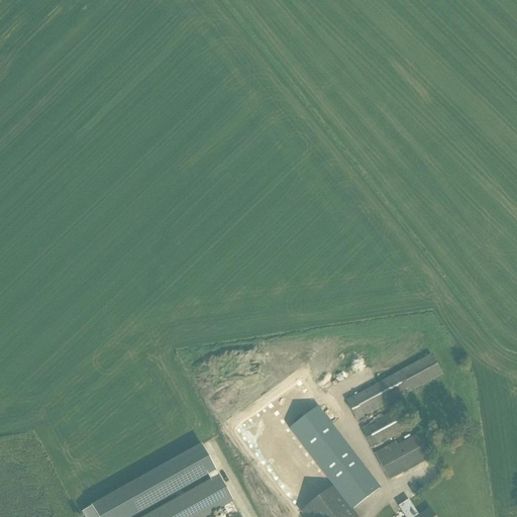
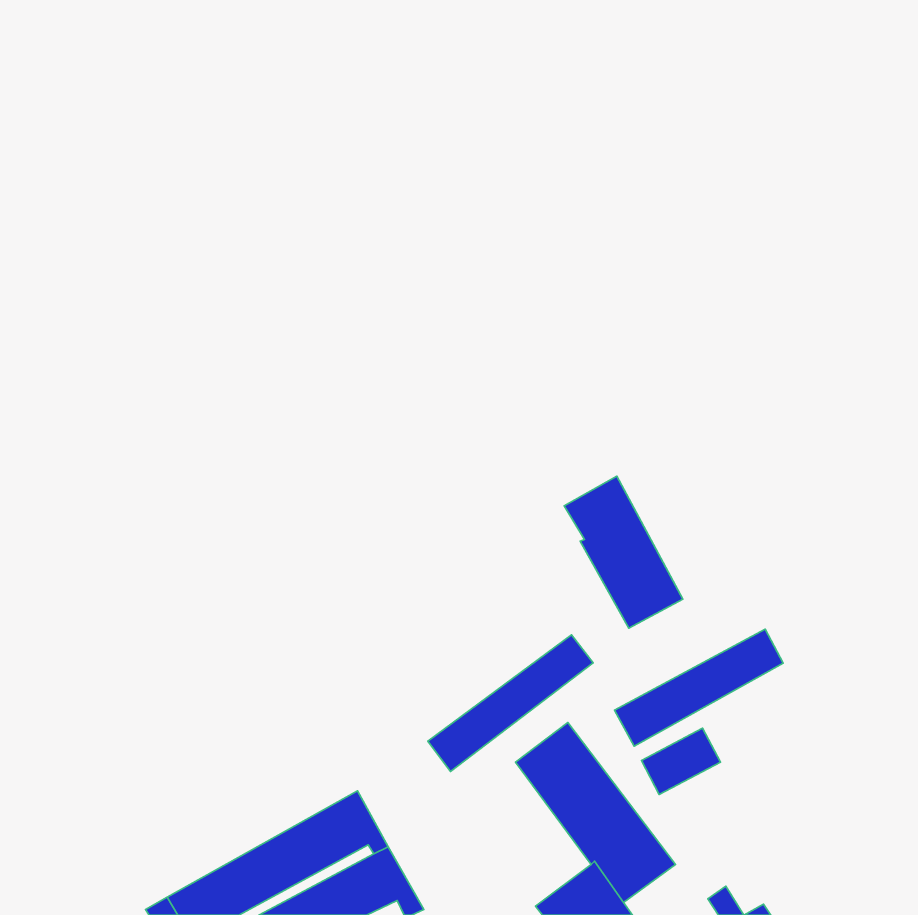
building: none -> [564,476,683,628]
building: none -> [428,635,593,771]
building: [377,432,431,479] -> none

